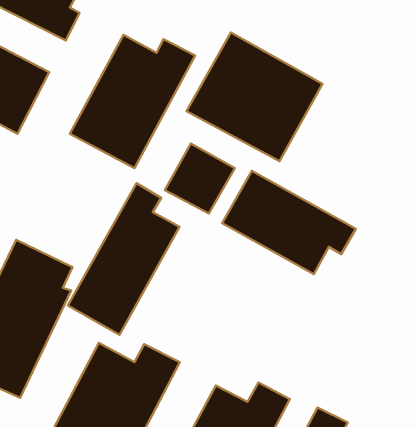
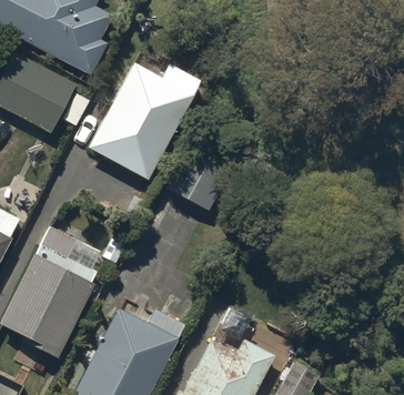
building: [186,33,322,161] -> none
building: [222,171,356,274] -> none
building: [68,183,179,335] -> none

